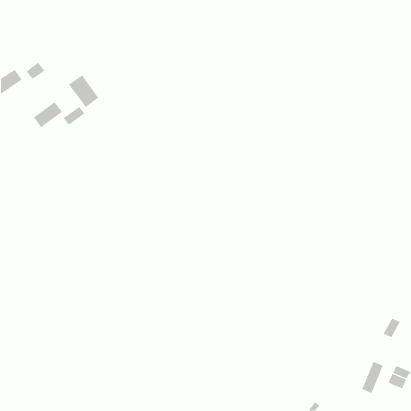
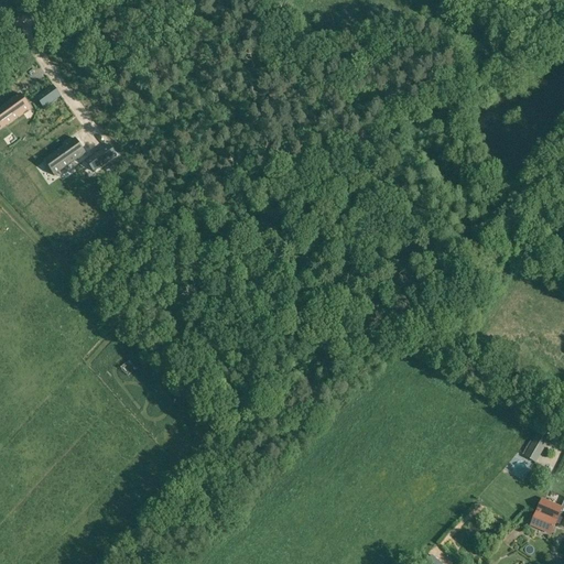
building: [68,74,100,109] -> none
building: [361,360,384,394] -> none

